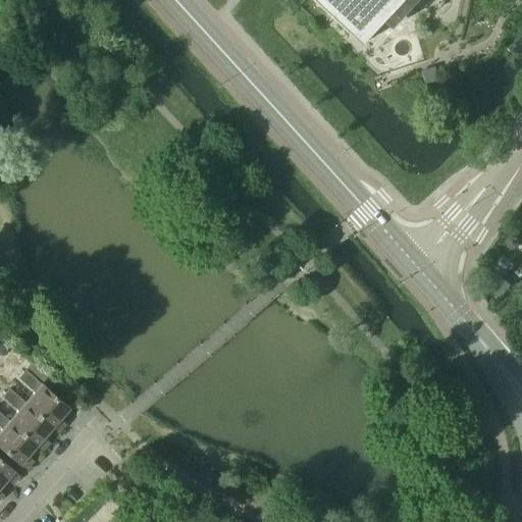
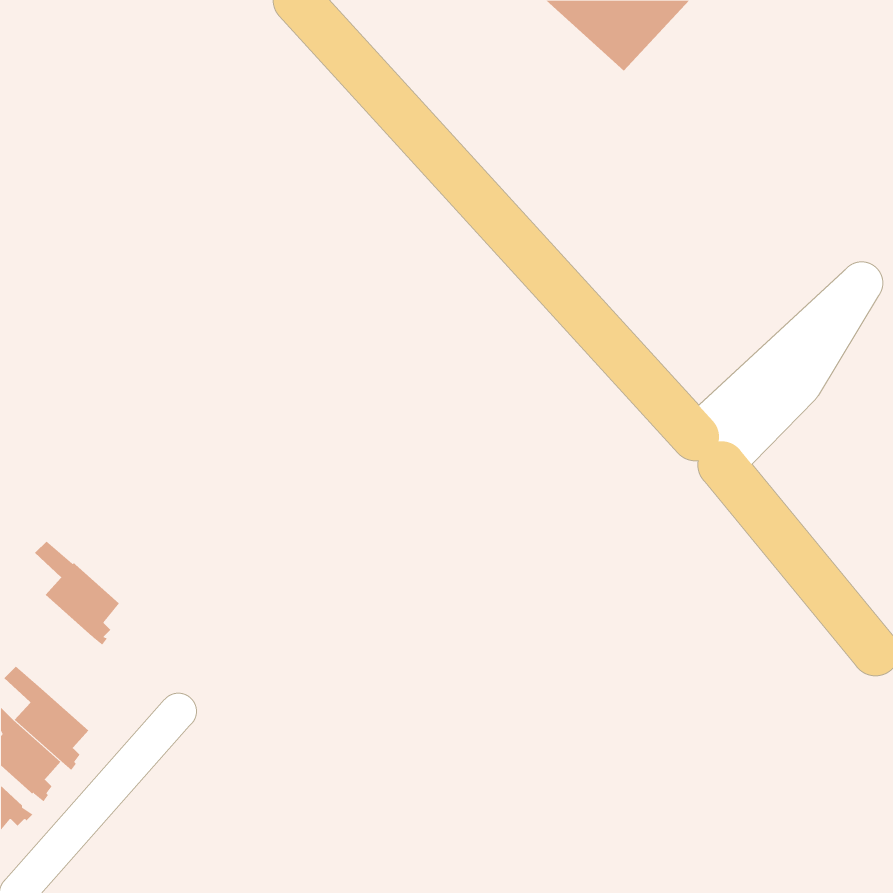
building: [18,370,68,431] -> [34,541,120,646]

